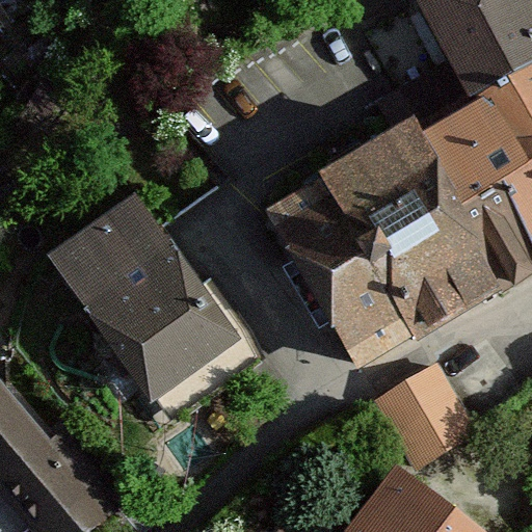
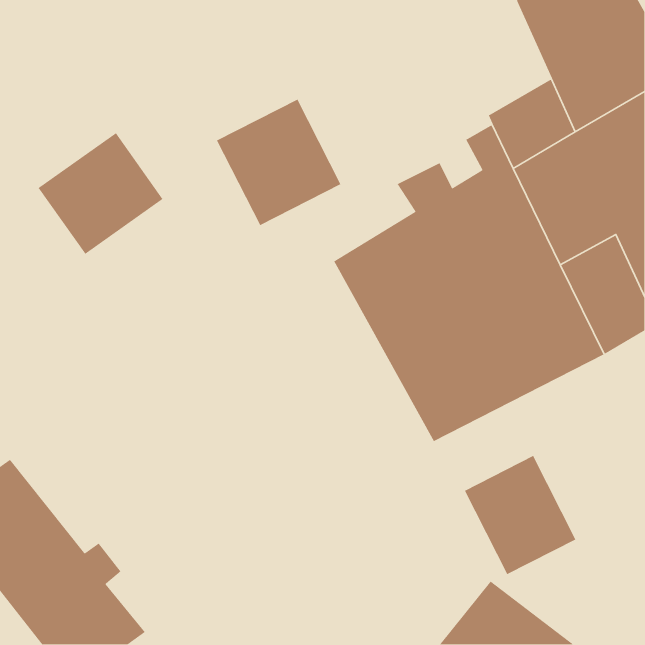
building: none -> [216,98,342,226]
building: none -> [38,132,163,255]
building: [53,202,251,403] -> none

